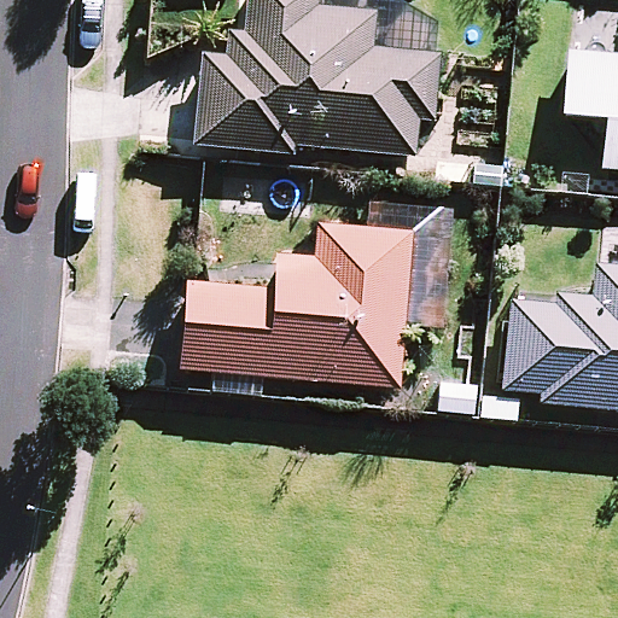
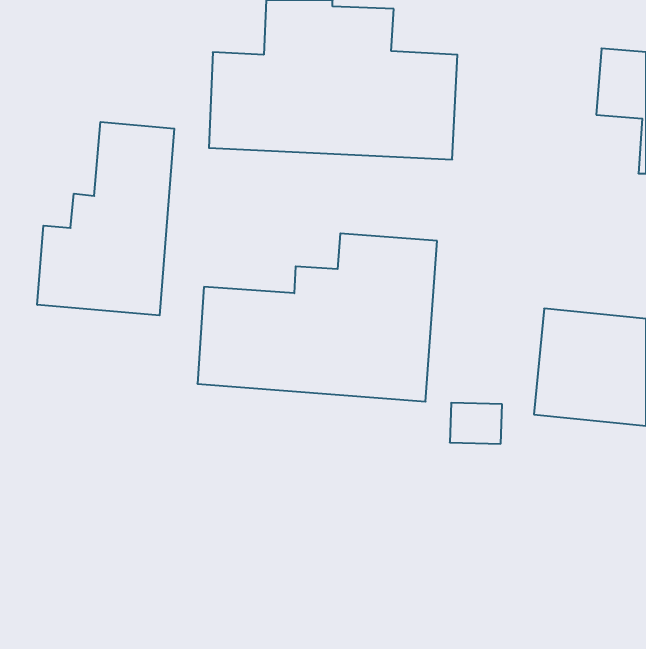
building: none -> [37,122,174,315]

